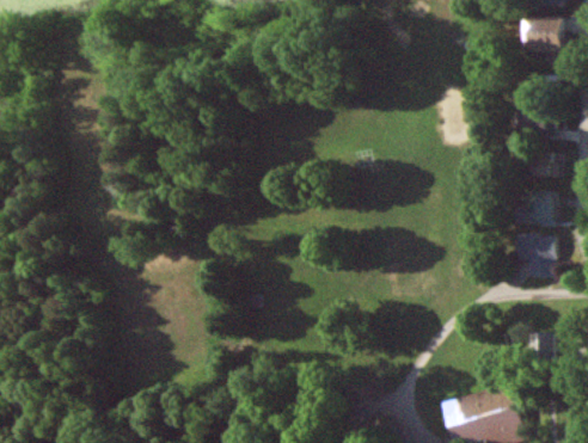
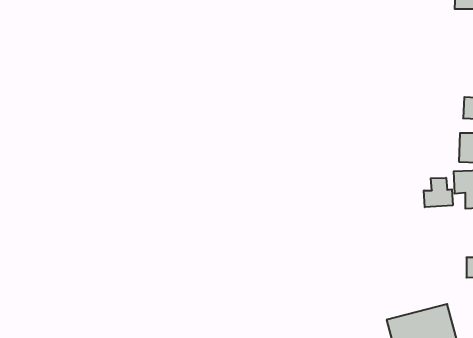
building: none -> [424,178,453,207]

